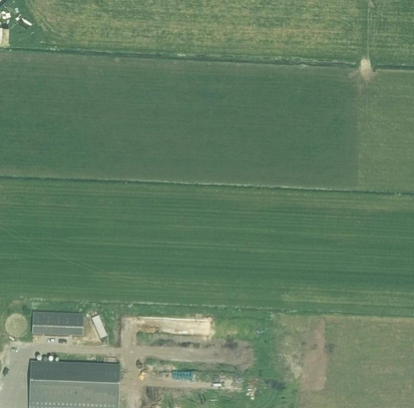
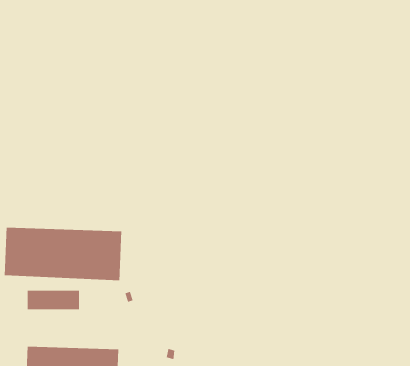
building: none -> [4,227,122,281]

